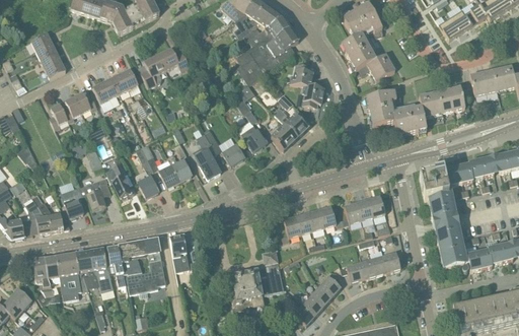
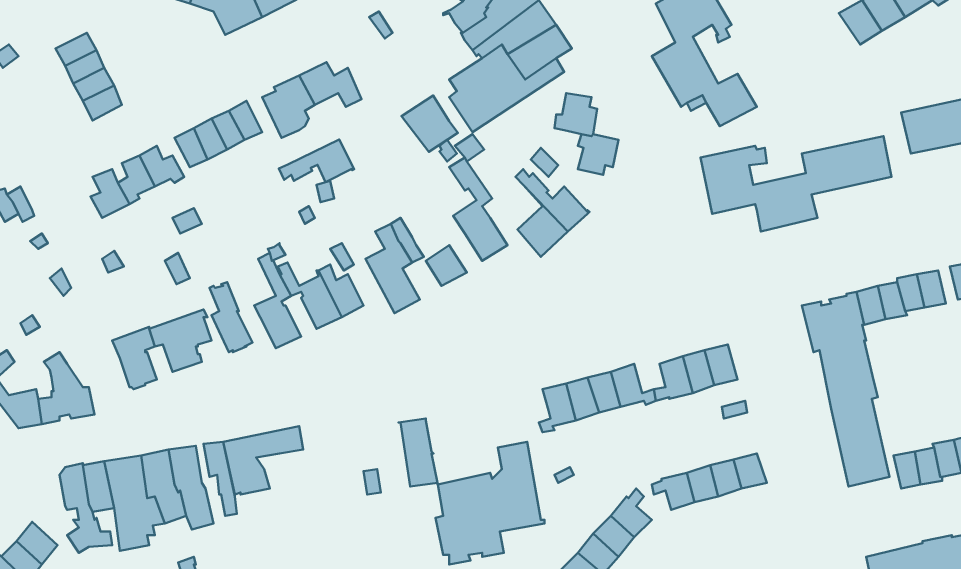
building: none -> [401,96,458,152]
building: none -> [279,140,354,182]
building: [36,201,70,231] -> none
building: [169,234,190,270] -> [398,418,437,487]
building: [126,250,165,291] -> none

